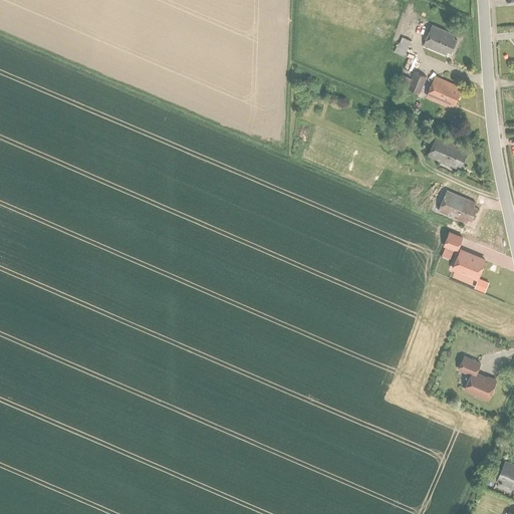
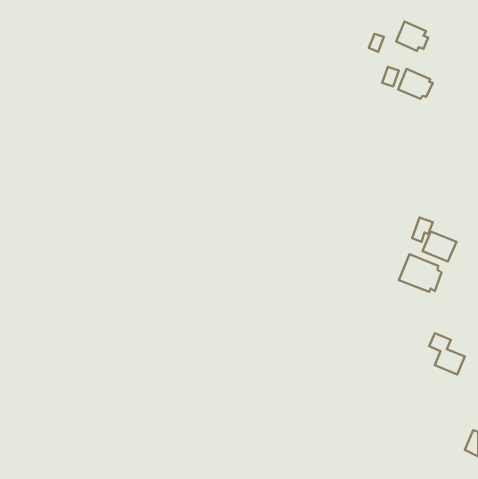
building: [427,136,467,170] -> none
building: [438,190,477,220] -> none
building: none -> [399,254,442,292]

